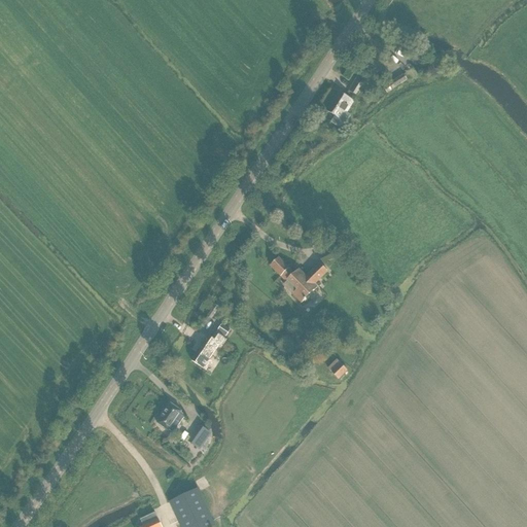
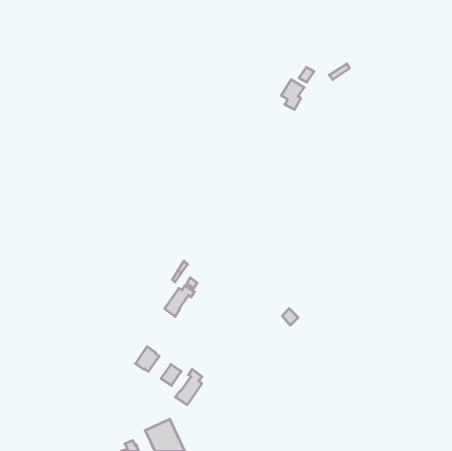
building: [270,256,327,303] -> none
building: none -> [175,369,202,405]

